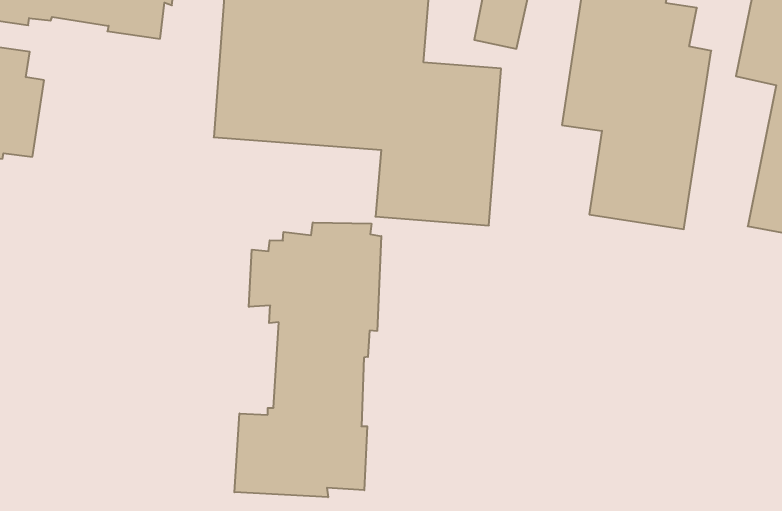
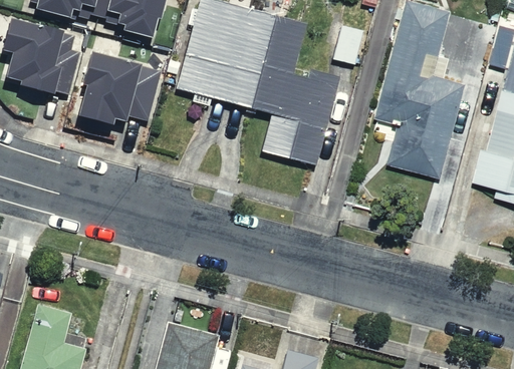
building: none -> [79,52,166,126]
building: [234,222,381,497] -> none

